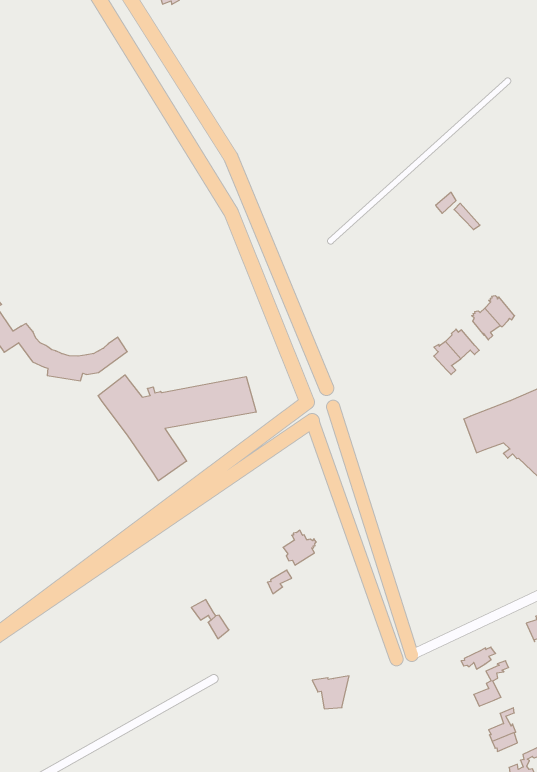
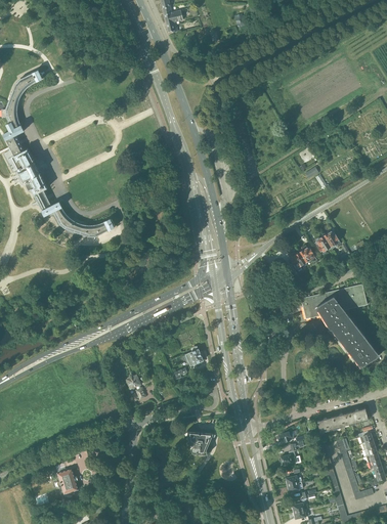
building: [98,375,256,481] -> none

